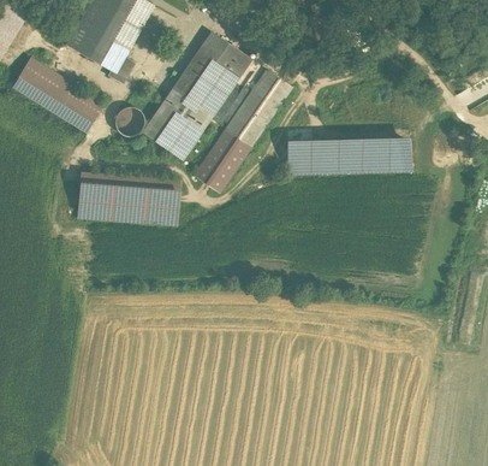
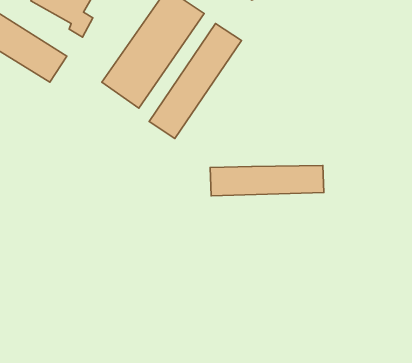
building: [112,107,137,132] -> none
building: [287,142,409,175] -> [210,165,324,196]
building: [79,173,179,224] -> none

